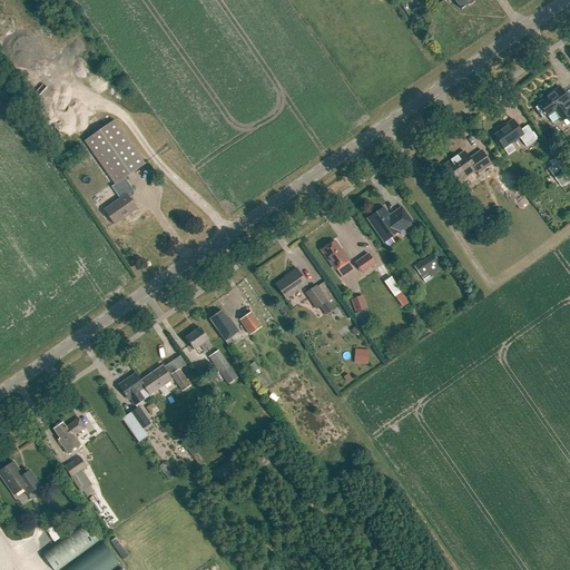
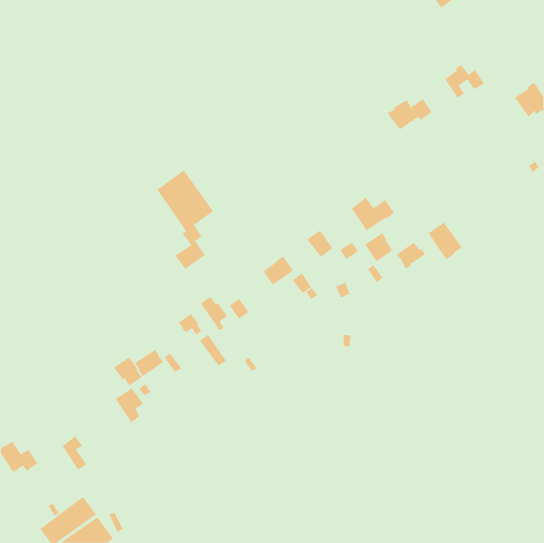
building: [85,119,145,224] -> [156,170,214,270]
building: [494,119,537,155] -> [444,64,485,98]
building: [443,149,491,183] -> [387,98,433,130]
building: none -> [428,222,463,260]
building: none -> [364,232,393,262]
building: [53,417,86,454] -> none

